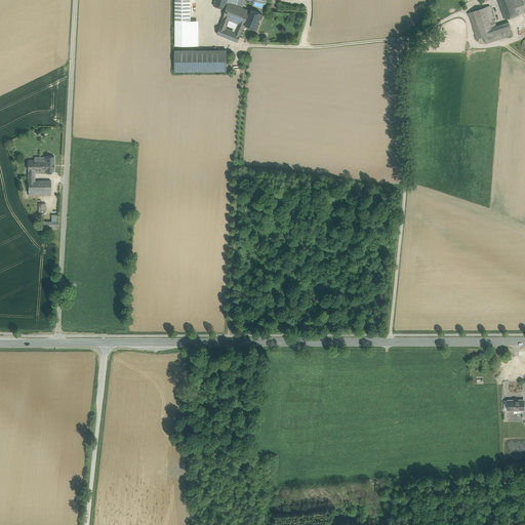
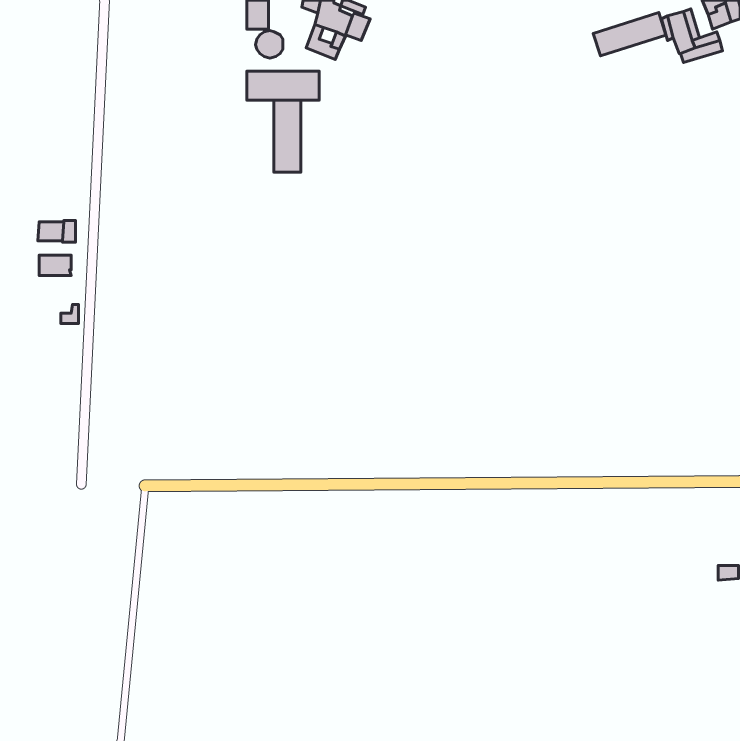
building: none -> [593,12,666,56]
building: none -> [274,100,301,172]

